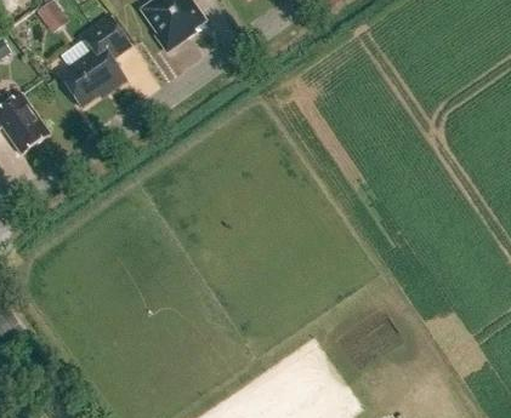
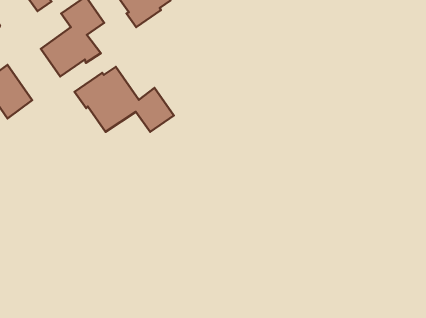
building: none -> [75,67,174,132]

